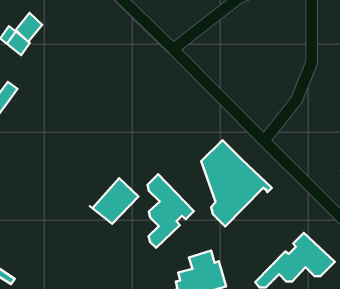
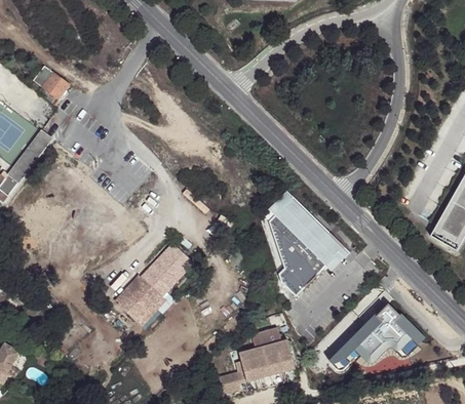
building: [16,13,42,42] -> none
building: [148,174,194,248] -> none
building: none -> [115,274,163,322]

